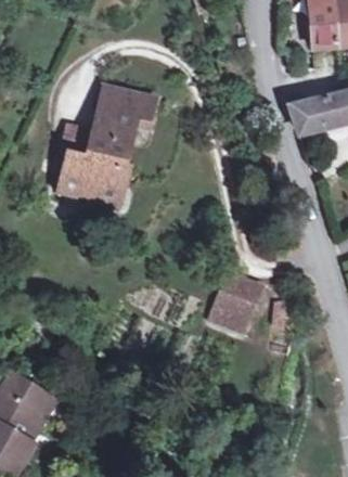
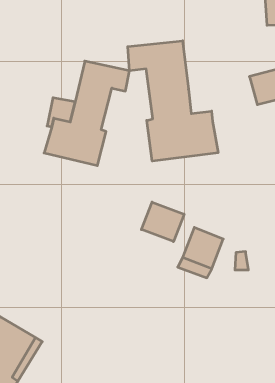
building: none -> [128,41,218,161]
building: none -> [141,202,184,242]

